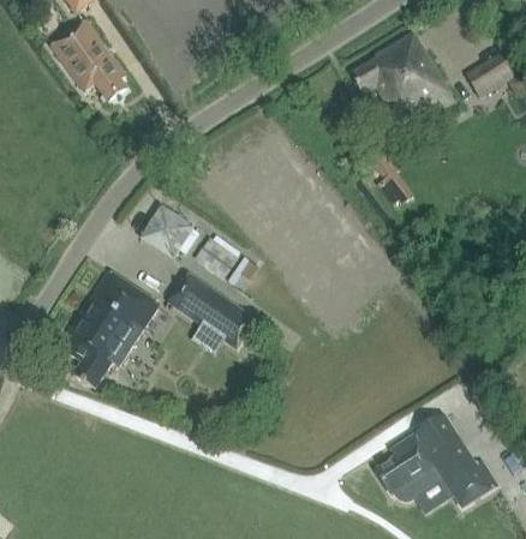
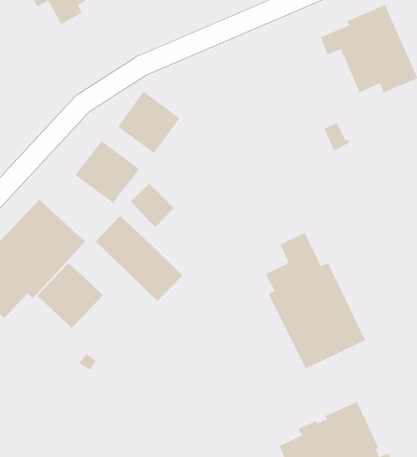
building: none -> [117,90,180,154]
building: none -> [265,232,366,369]
building: none -> [36,262,104,329]

